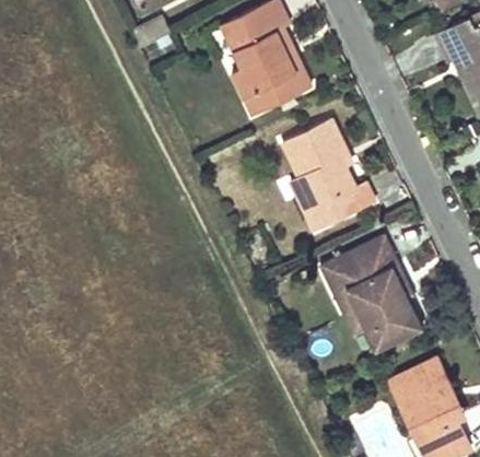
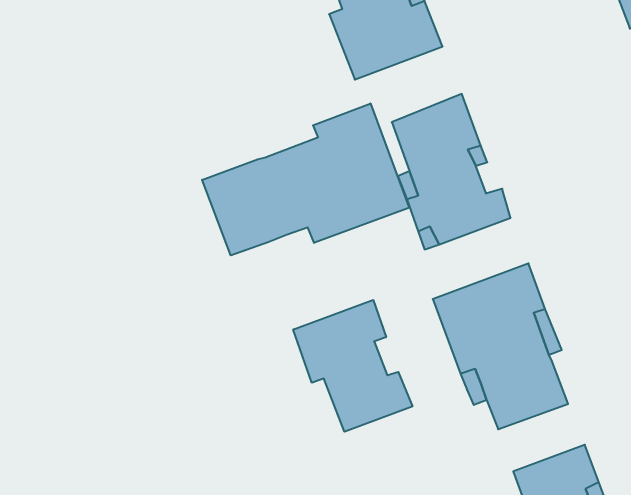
building: none -> [202,103,409,255]
building: none -> [293,300,412,432]

